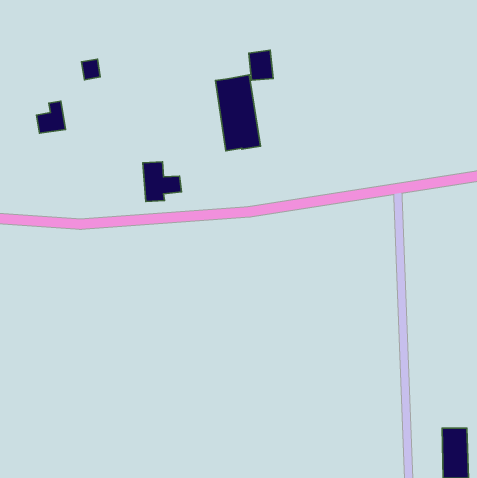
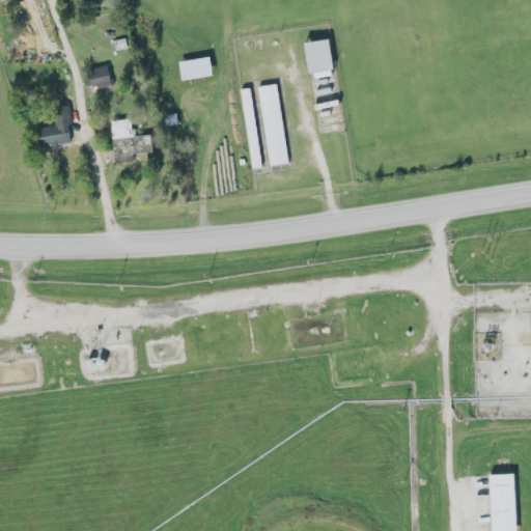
building: [249,50,273,80] -> [308,38,335,72]
building: none -> [180,57,214,79]
building: [143,162,181,201] -> [110,118,152,162]

